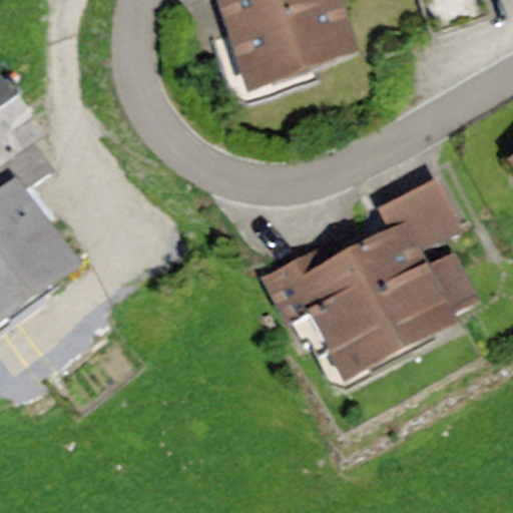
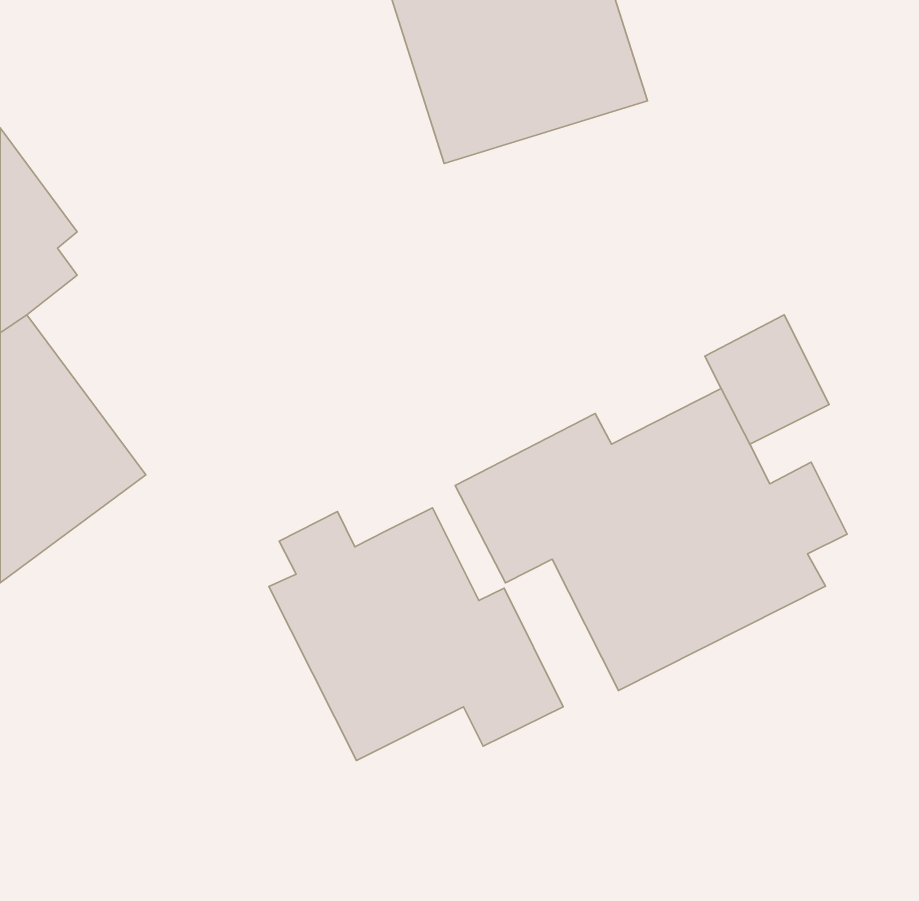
building: none -> [269,508,563,761]

